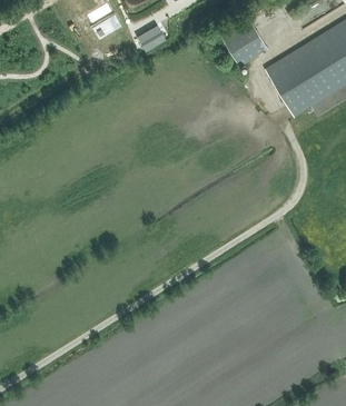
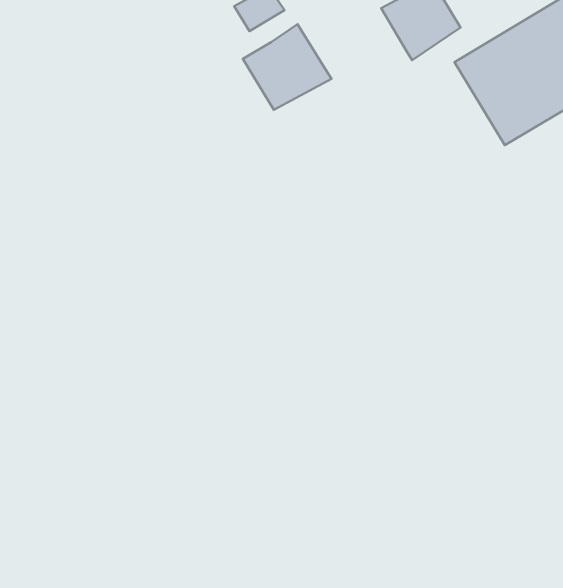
building: none -> [243,24,331,110]

